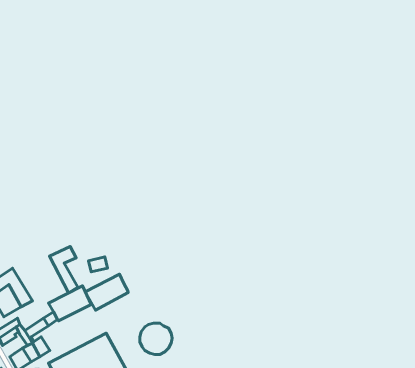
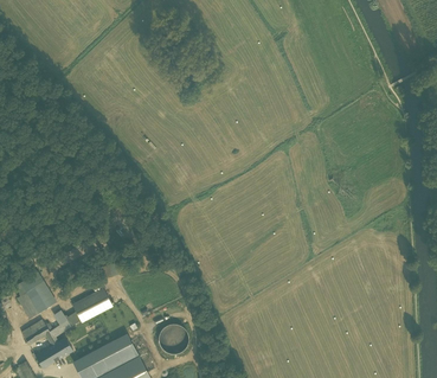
building: [50,247,78,293] -> none
building: [85,274,128,310] -> none

